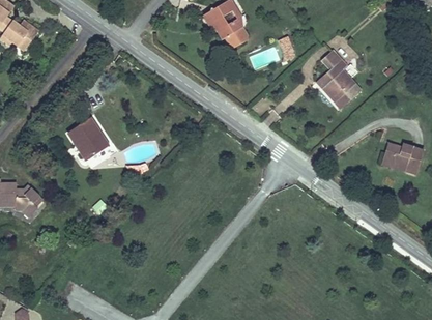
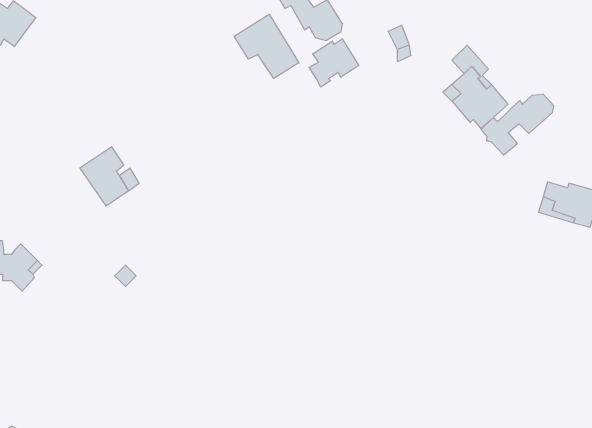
building: none -> [234,14,299,78]
building: none -> [309,39,359,87]
building: none -> [481,94,554,155]

